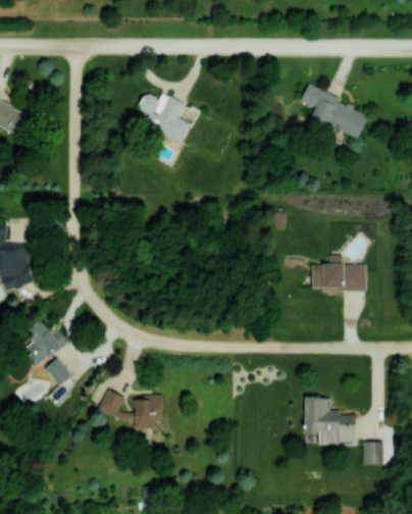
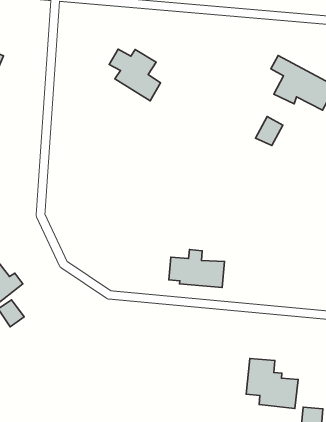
building: none -> [256,117,283,146]
building: [311,255,366,291] -> [169,250,224,287]
building: [98,389,162,428] -> none

